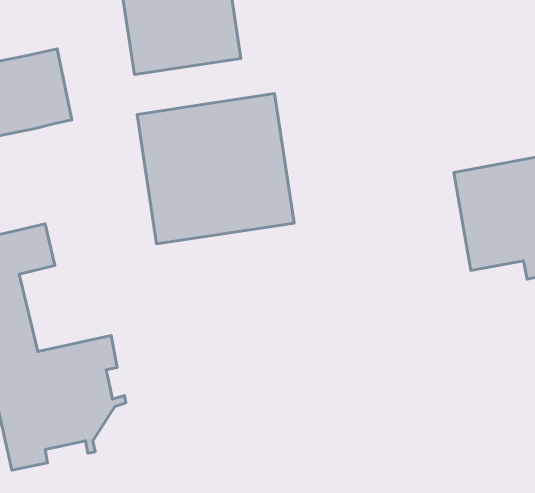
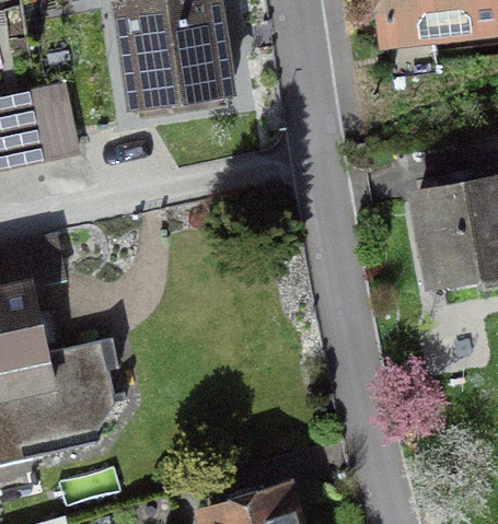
building: [137,94,294,244] -> none

